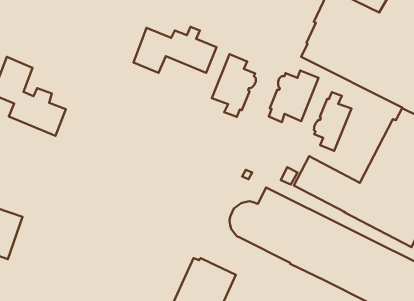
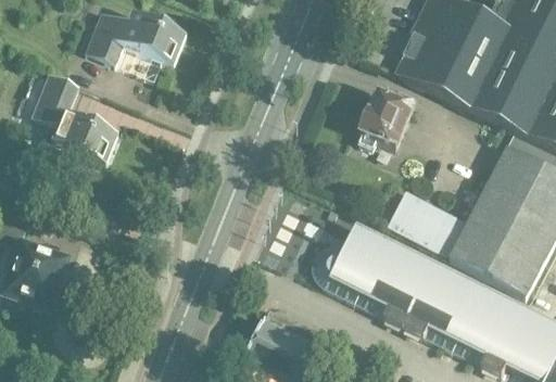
building: [134,27,216,73] -> [85,12,182,66]
building: [212,54,256,117] -> none
building: [314,92,351,151] -> none

